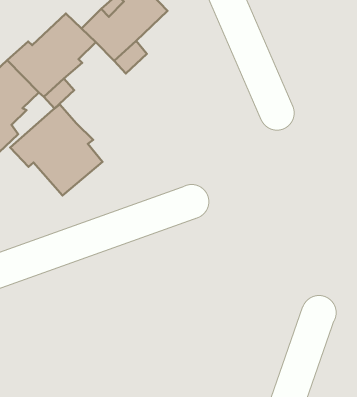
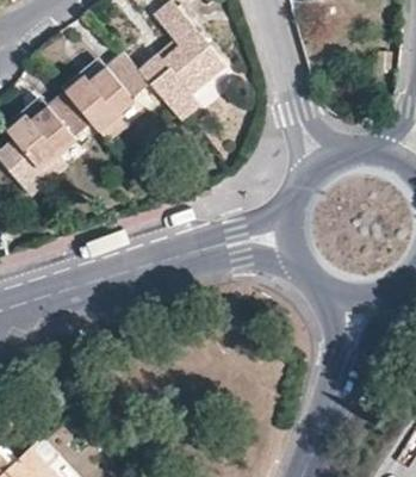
building: [10,105,103,195] -> none

